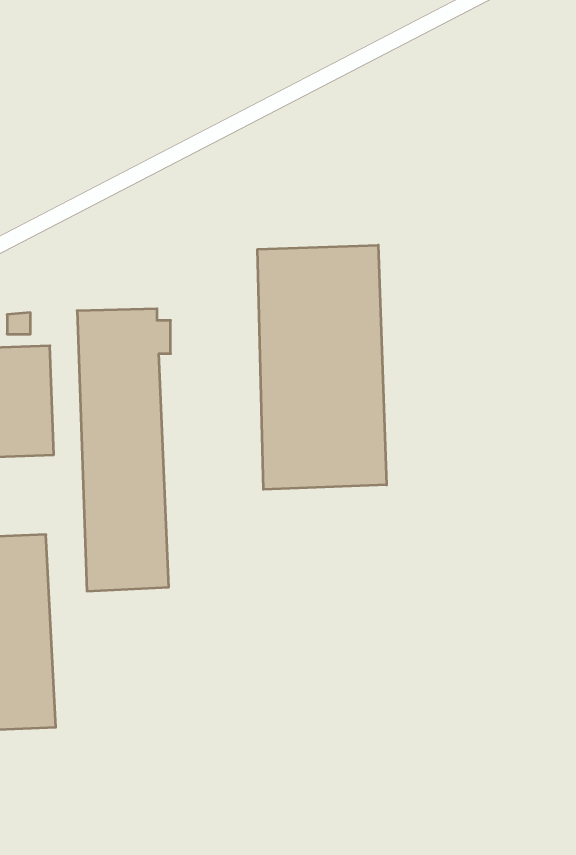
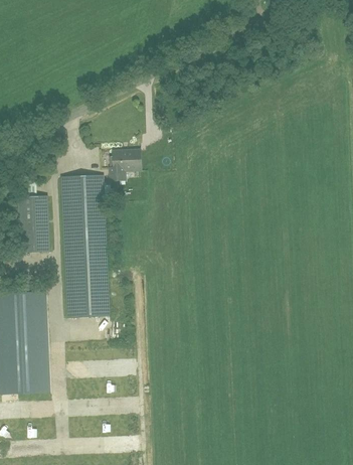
building: [258,245,387,489] -> none
building: none -> [108,147,141,179]

